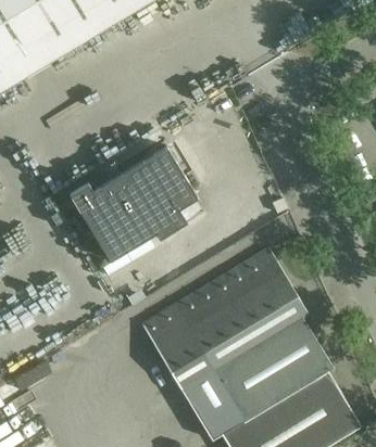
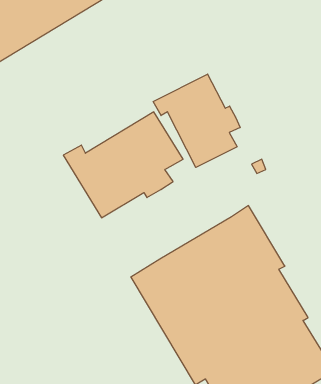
building: none -> [153,74,240,167]

